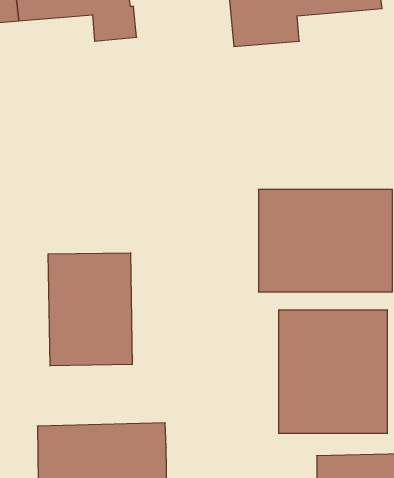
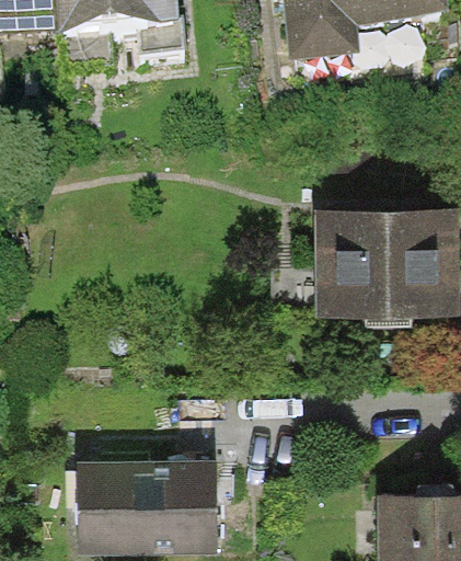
building: [48,253,132,366] -> none
building: [279,310,387,434] -> none

